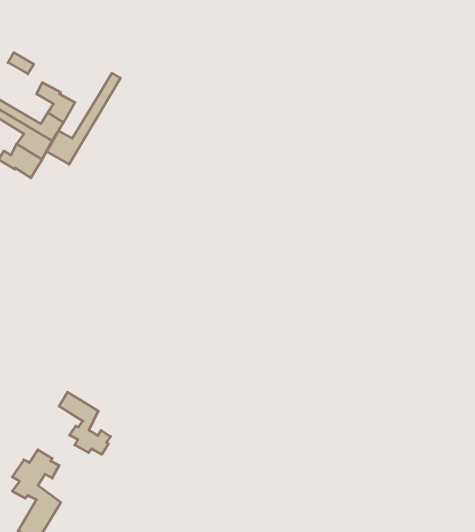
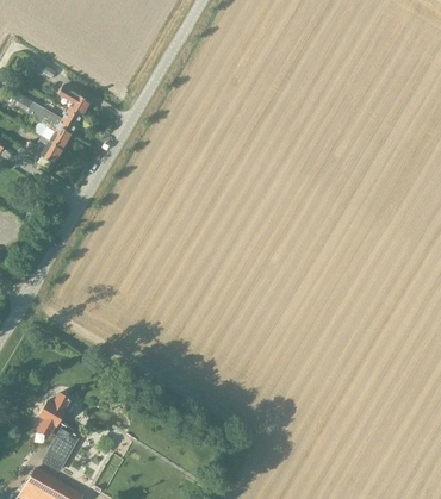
building: [47,73,120,164] -> none
building: [59,392,111,454] -> none

